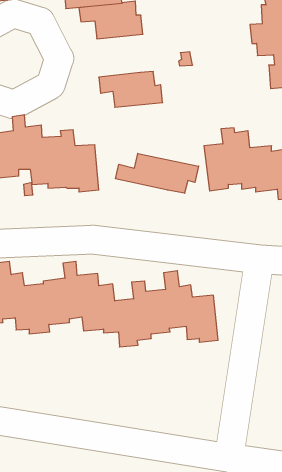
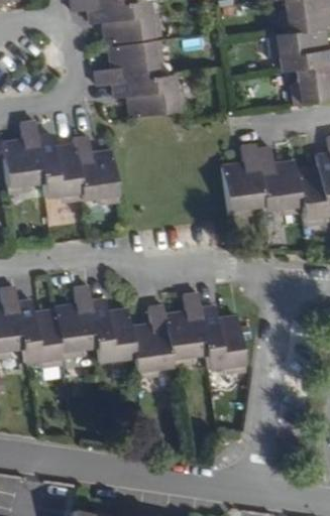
building: none -> [97,46,162,88]
building: [116,153,199,193] -> none

